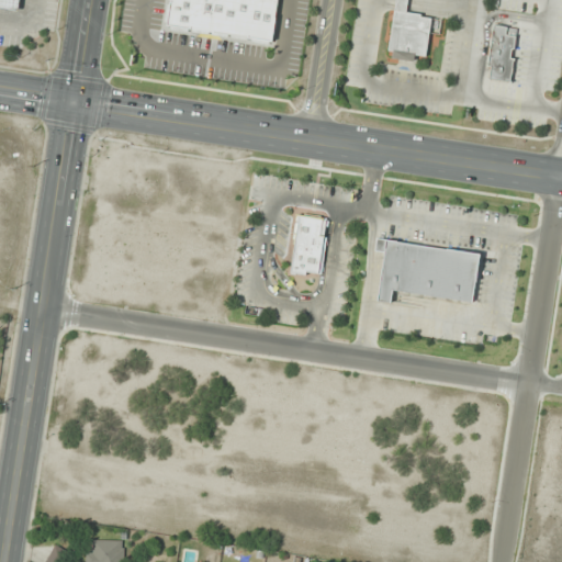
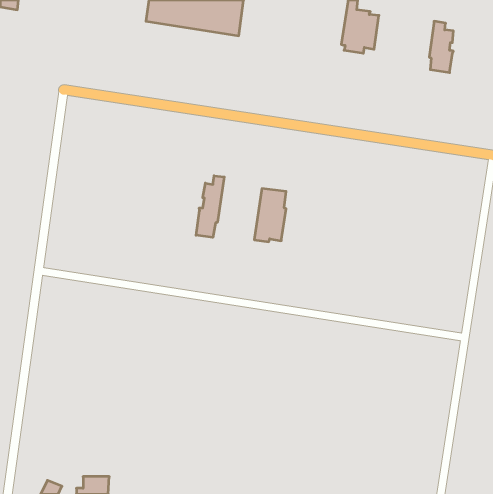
building: none -> [196,176,224,237]
building: [374,237,481,303] -> none

